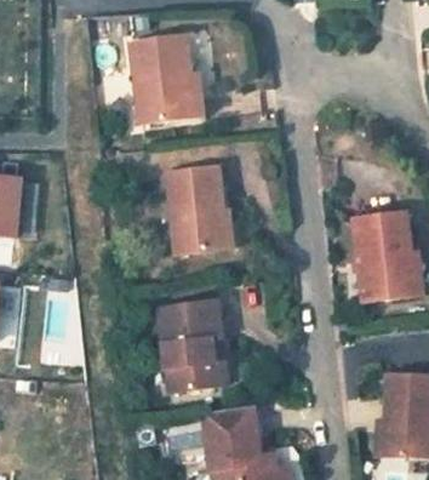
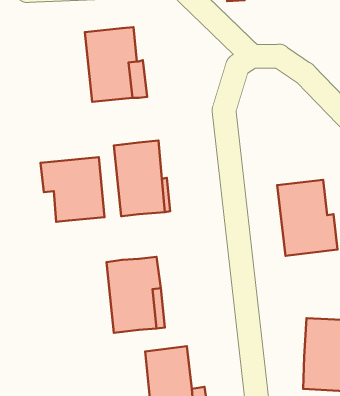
building: none -> [41,157,104,222]

